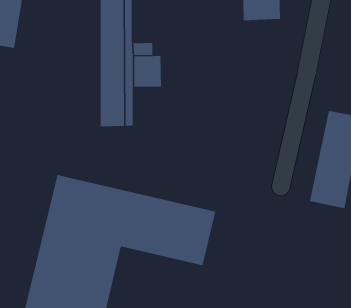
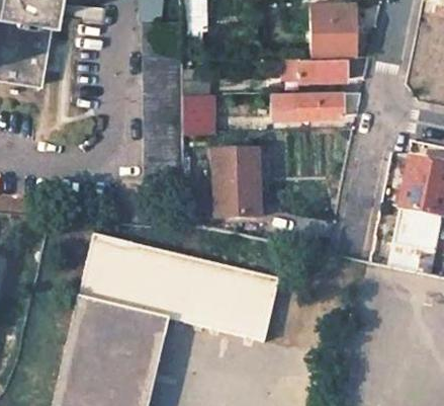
building: none -> [300,57,347,79]
building: none -> [286,92,343,116]
building: none -> [215,152,261,218]

